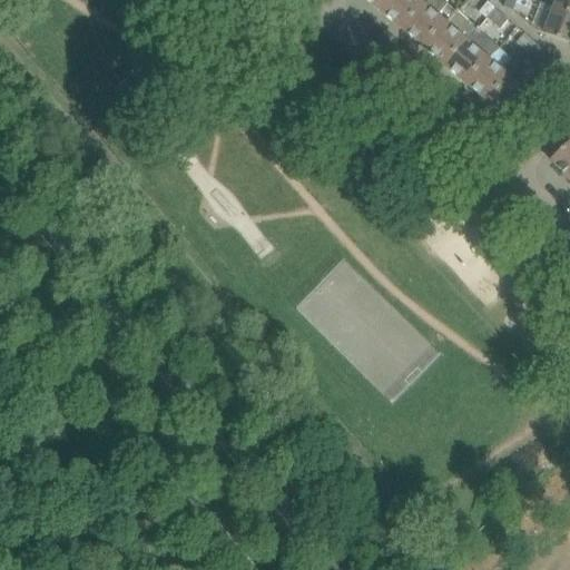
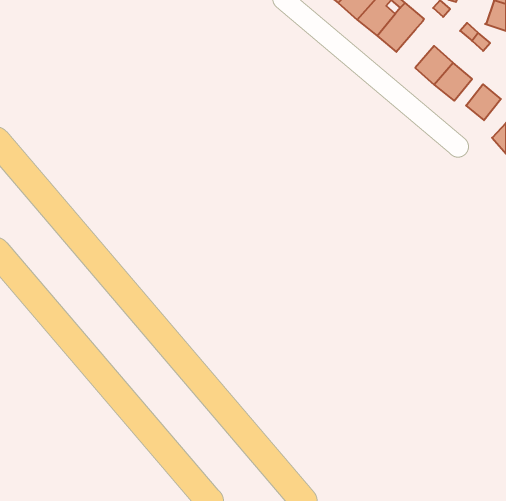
building: [442,21,484,76] -> none
building: none -> [466,84,501,120]

